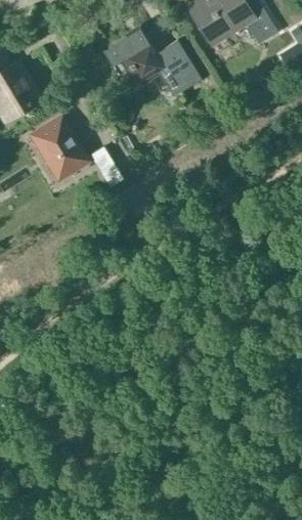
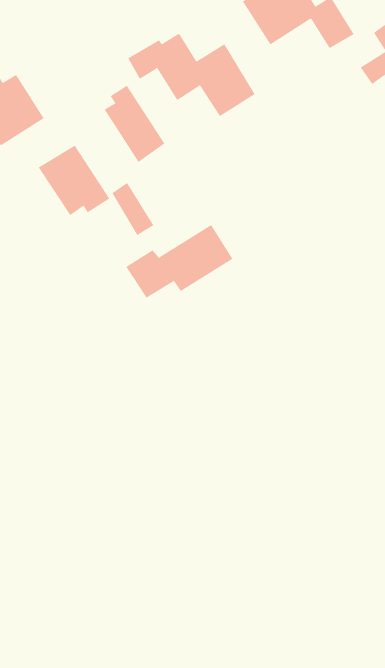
building: none -> [104,85,165,163]
building: none -> [125,224,233,299]

